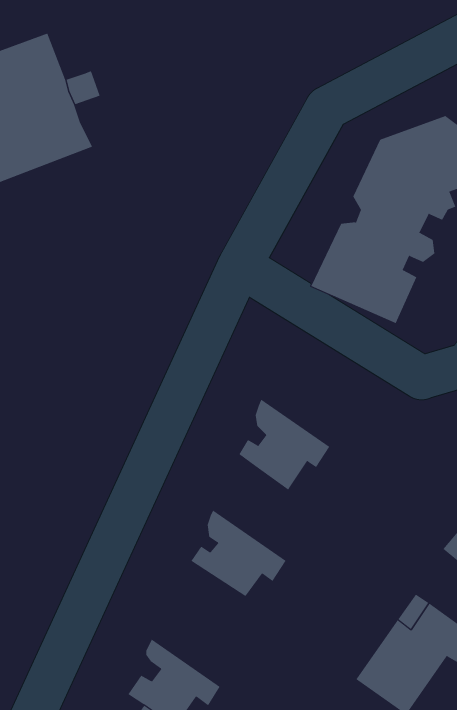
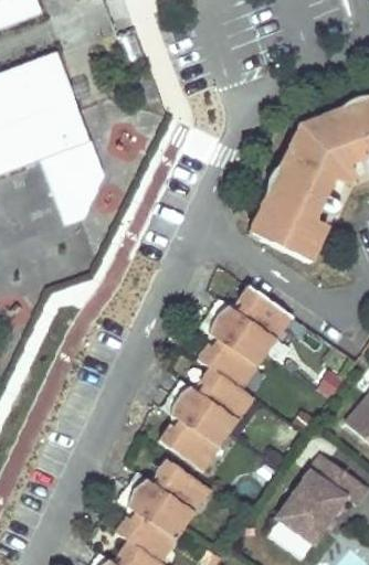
building: none -> [36,131,104,223]
building: none -> [212,286,284,352]
building: none -> [177,366,246,436]
building: none -> [131,465,198,529]

